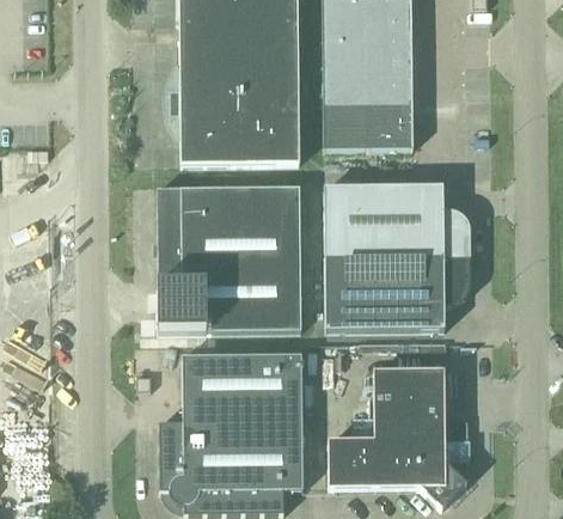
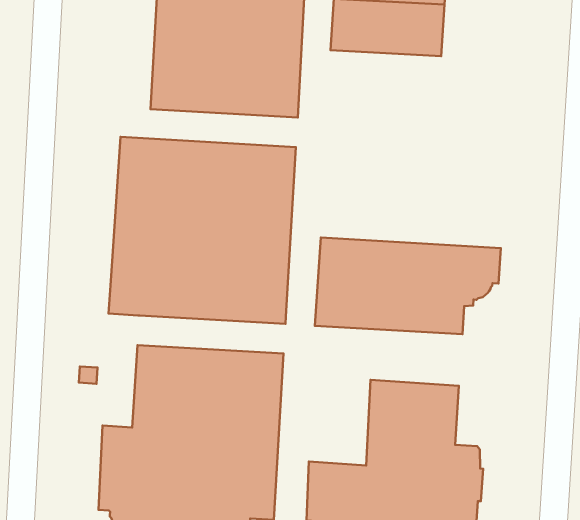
building: [323,105,414,149] -> none
building: [324,187,471,258] -> none

